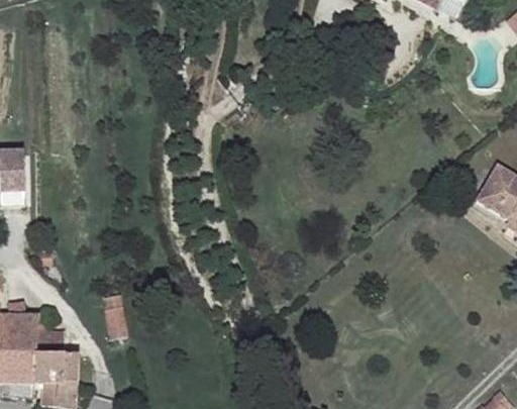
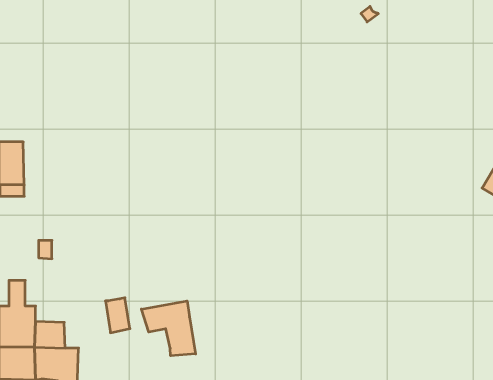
building: none -> [141,301,196,356]

